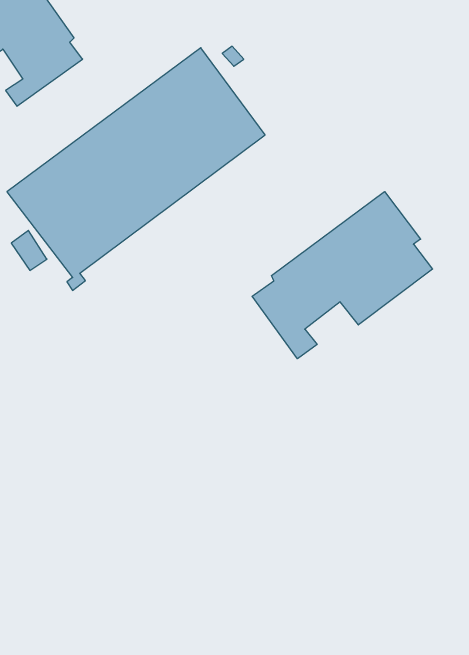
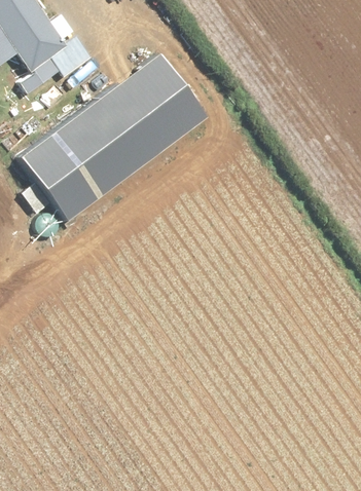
building: [252,192,433,359] -> none

